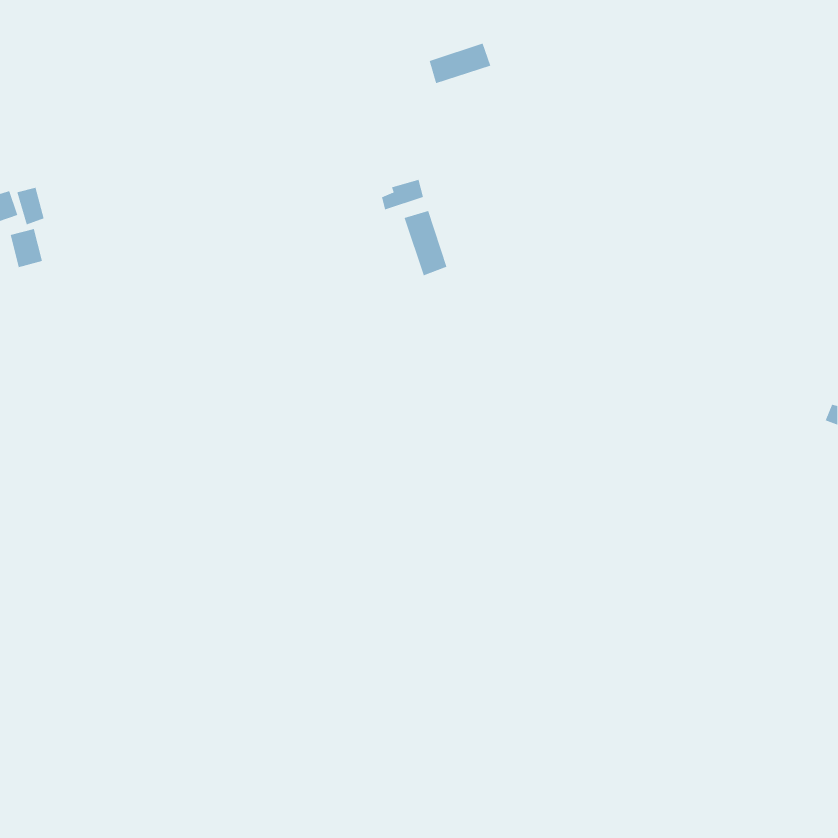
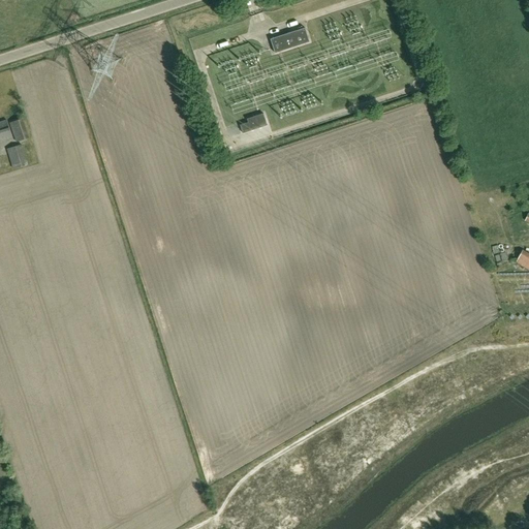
building: [404,210,447,276] -> none

